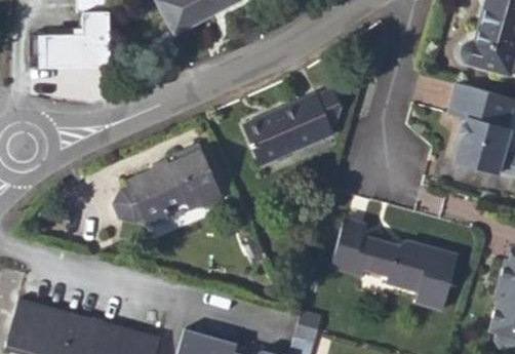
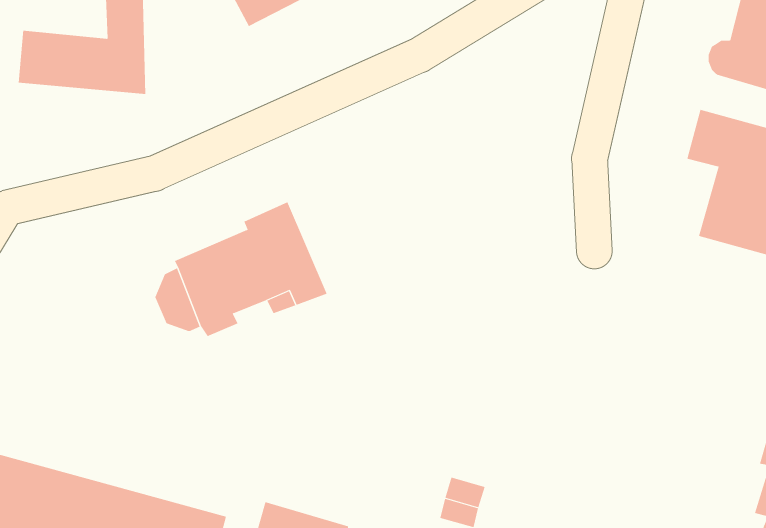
building: [243,87,342,163] -> none
building: [333,219,459,309] -> none

